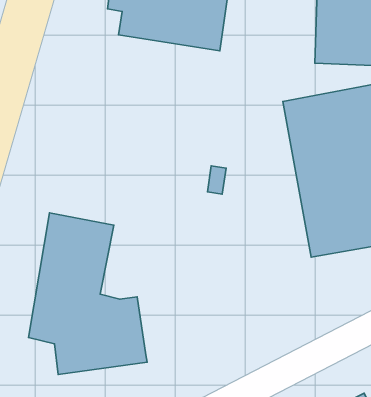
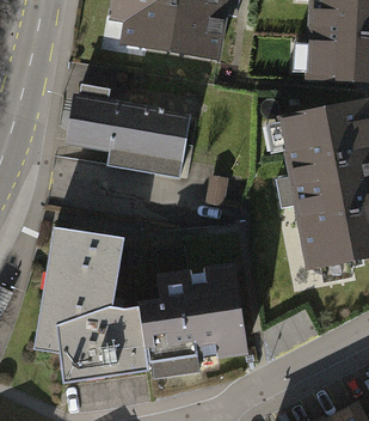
building: none -> [63,96,185,178]
building: none -> [141,250,247,362]

